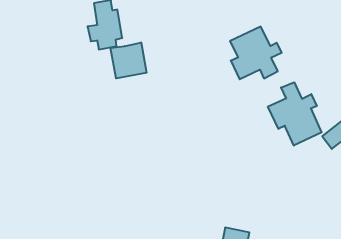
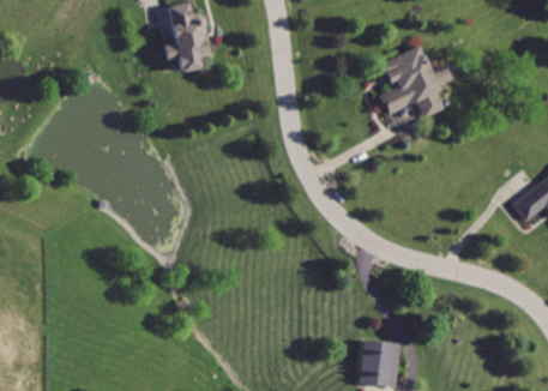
building: [111,42,147,78] -> none
building: [268,82,322,146] -> none

